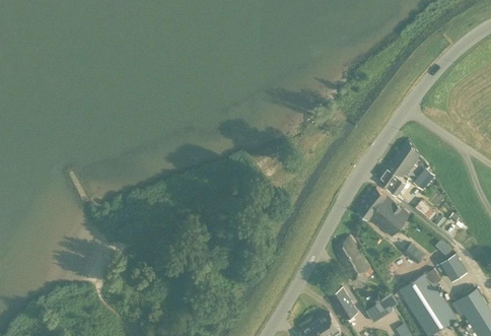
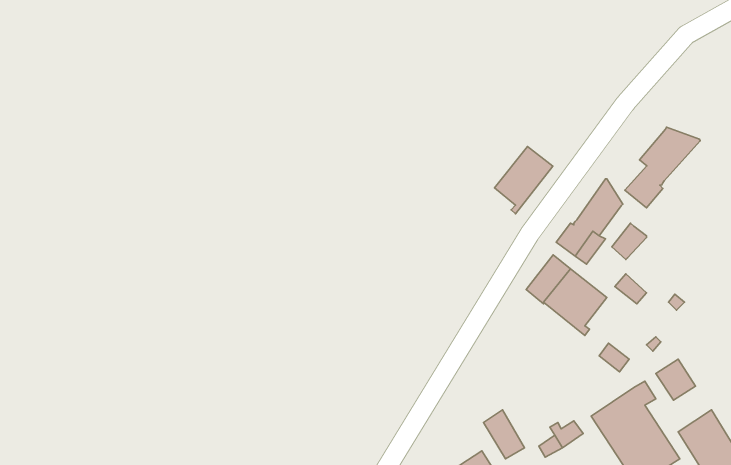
building: none -> [625,127,700,208]
building: none -> [494,146,553,214]
building: [334,238,370,280] -> none

